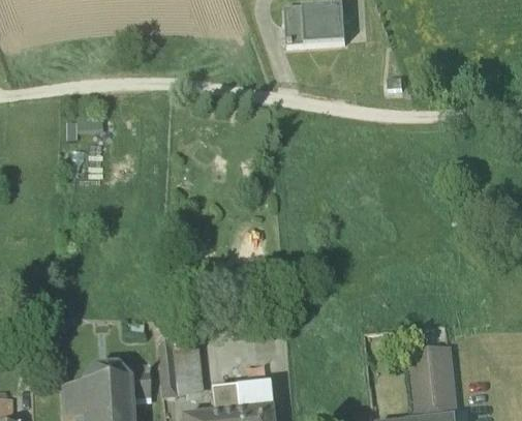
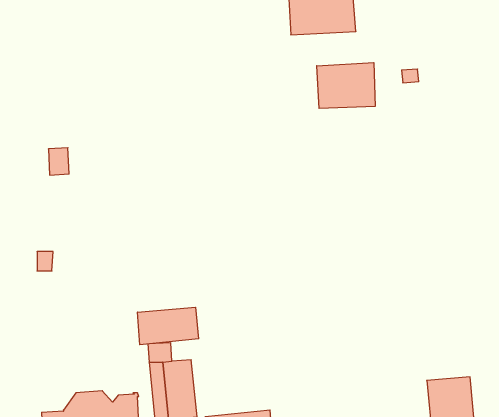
building: none -> [317,63,375,108]
building: none -> [138,307,199,345]

